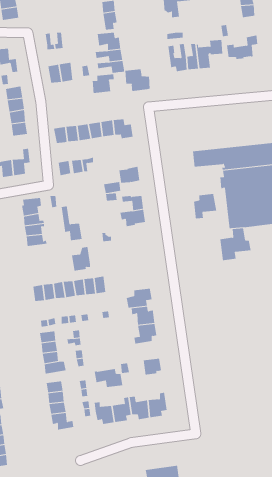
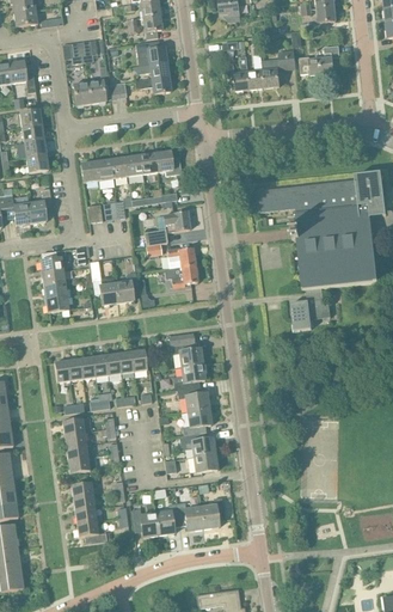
building: [125,69,150,92] -> none
building: [92,73,114,94] -> none
building: [193,193,217,219] -> none
building: [71,247,91,271] -> [113,271,139,302]
building: none -> [170,332,203,367]
building: [94,369,123,388] -> [178,432,215,455]

